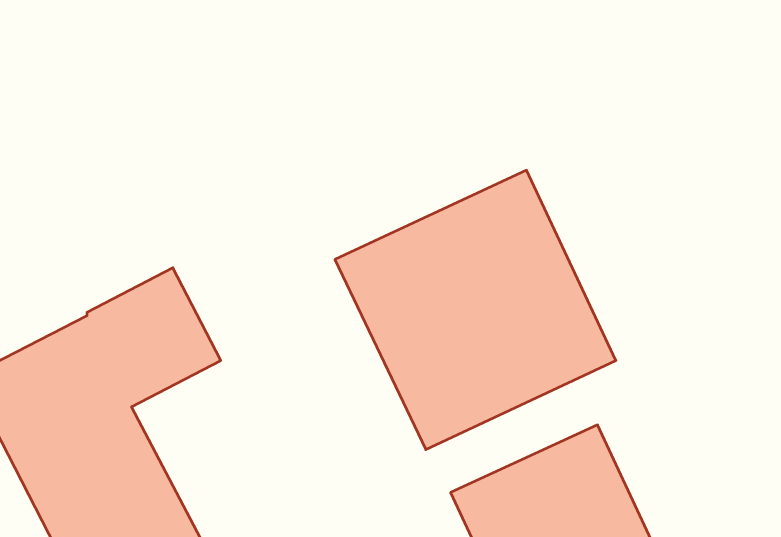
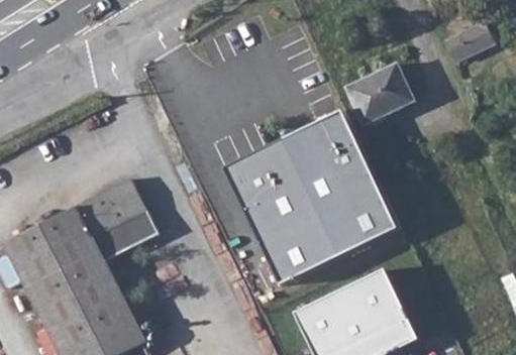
building: none -> [444,19,491,57]
building: none -> [345,62,412,121]

